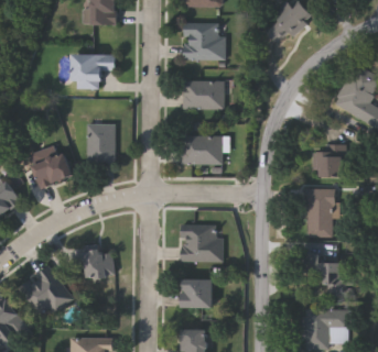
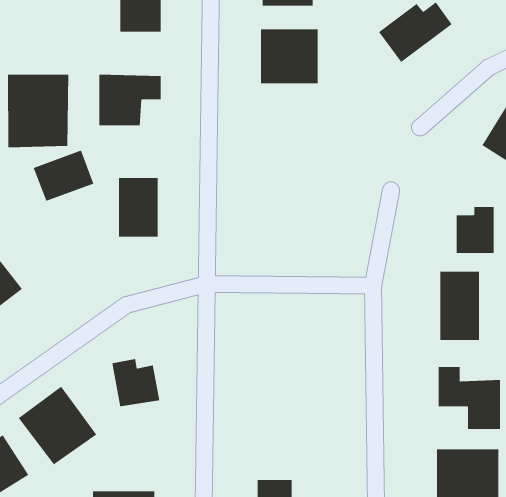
building: none -> [8,74,69,148]
building: [182,80,223,109] -> none
building: [181,134,220,164] -> none
building: [31,152,73,187] -> [33,150,94,202]
building: [180,224,220,261] -> none
building: [181,278,210,307] -> none

